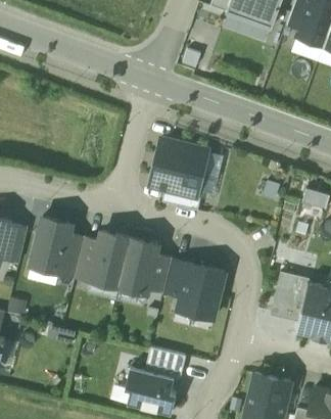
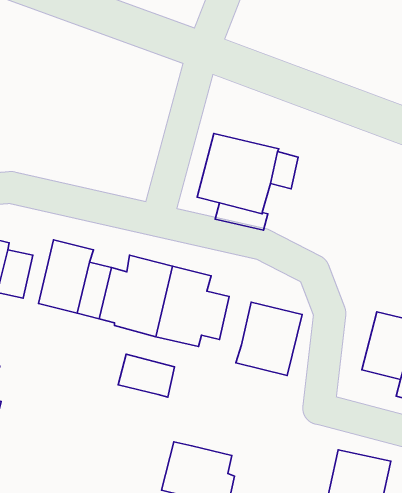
building: [164,260,188,295] -> none
building: [144,347,186,379] -> [118,354,175,397]

